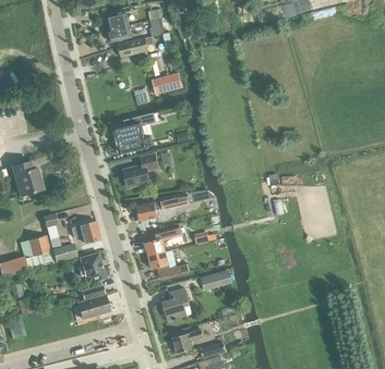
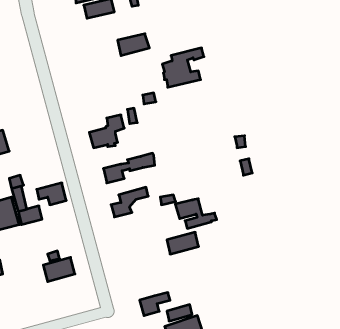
building: [113,113,155,152] -> [162,48,204,87]
building: [147,249,189,279] -> [175,199,217,228]
building: [76,253,106,283] -> none
building: [161,288,191,322] -> none

